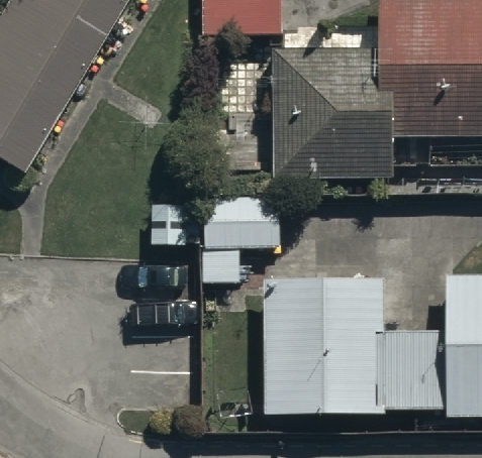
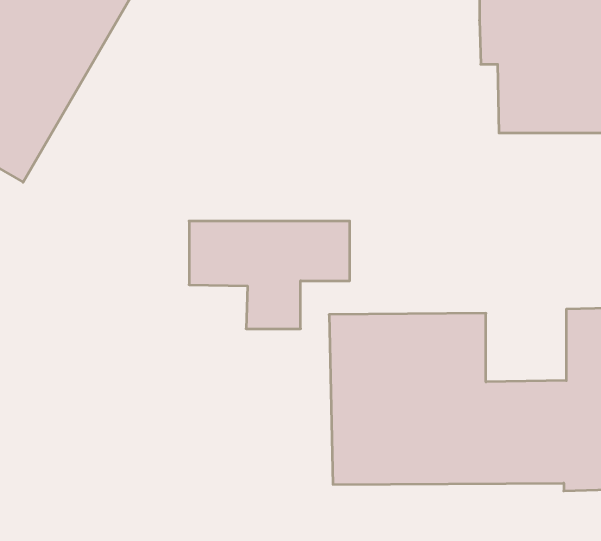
building: [275,48,395,176] -> none

